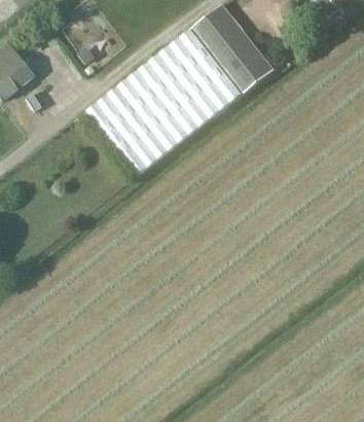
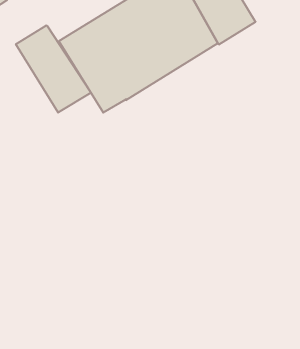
building: none -> [16,25,91,113]

